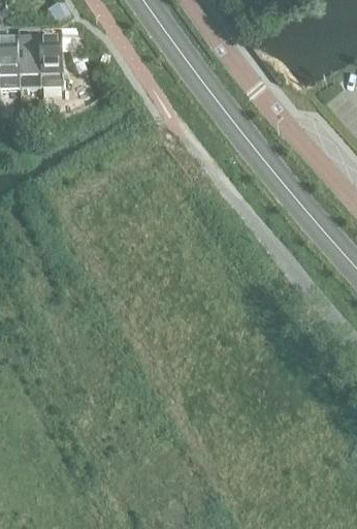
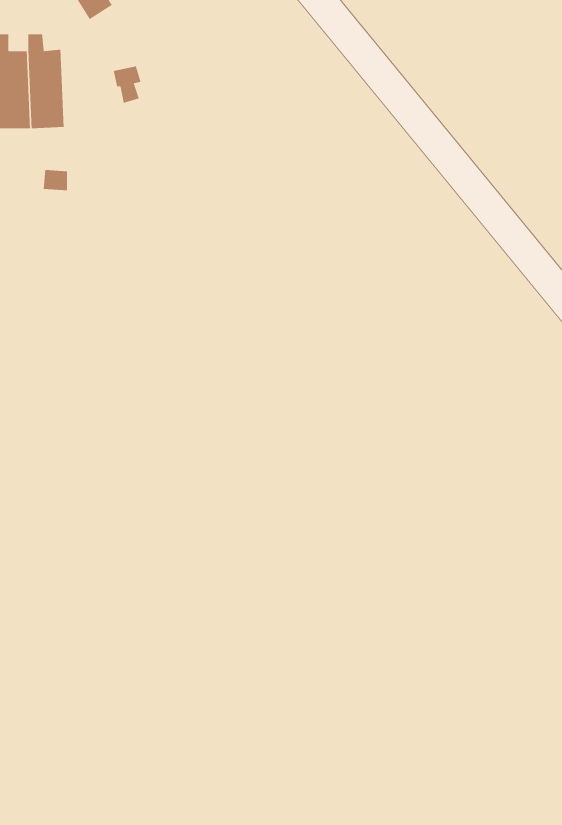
building: [38,37,63,86] -> none

